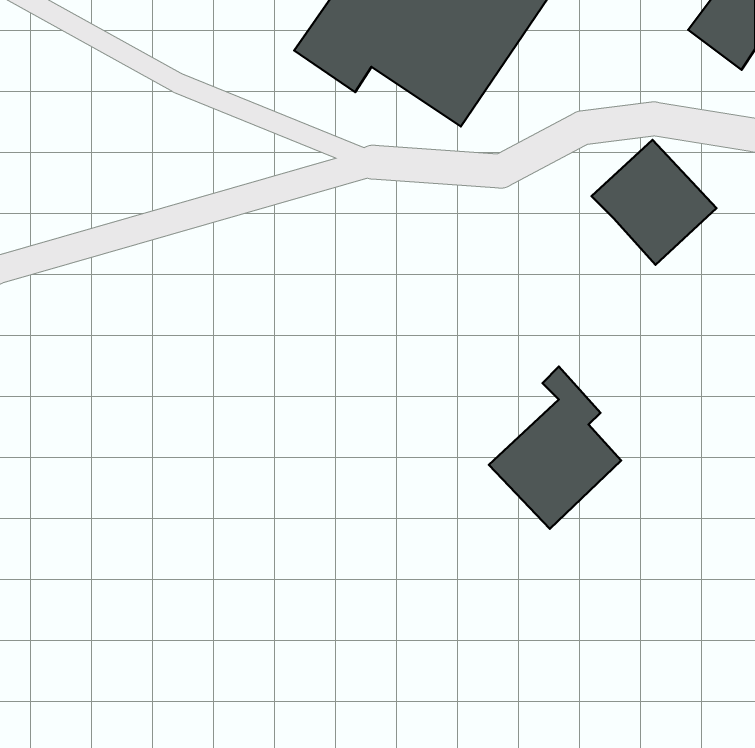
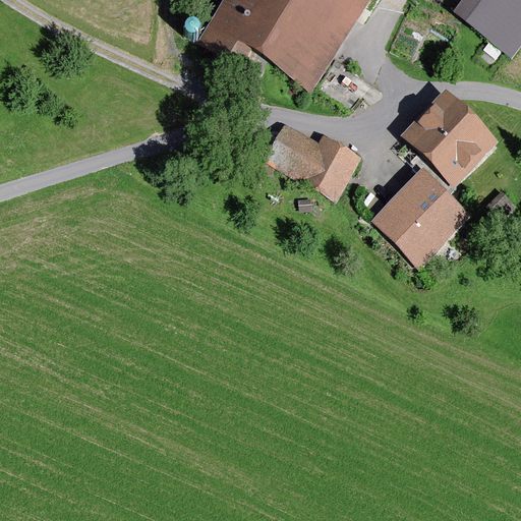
building: none -> [272,131,355,193]
building: [489,367,621,529] -> [372,150,463,260]

